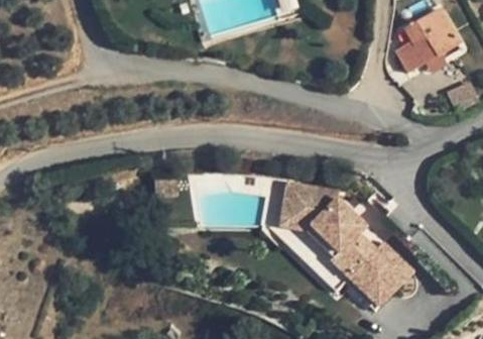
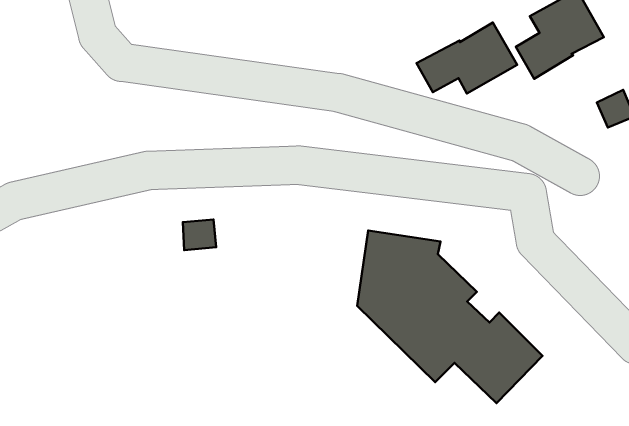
building: none -> [417,22,517,93]

